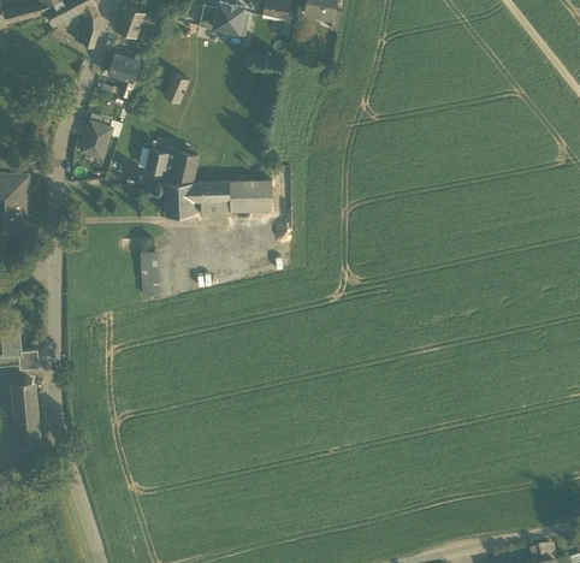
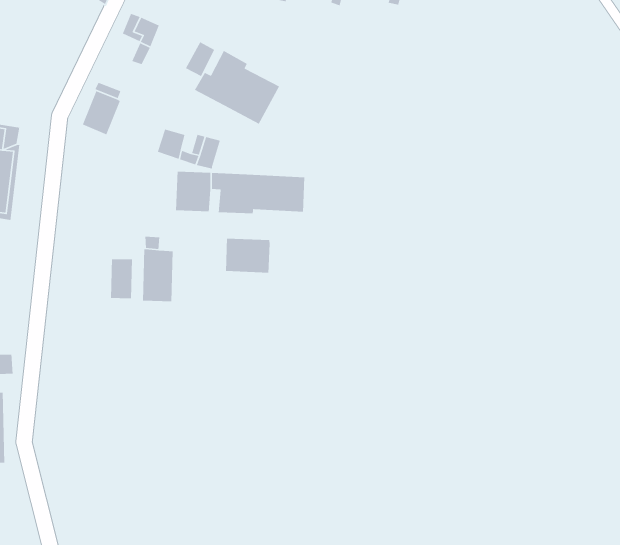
building: none -> [194,50,280,125]
building: none -> [225,238,270,273]
building: none -> [110,259,133,299]

